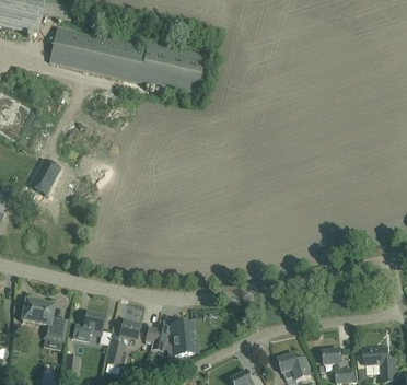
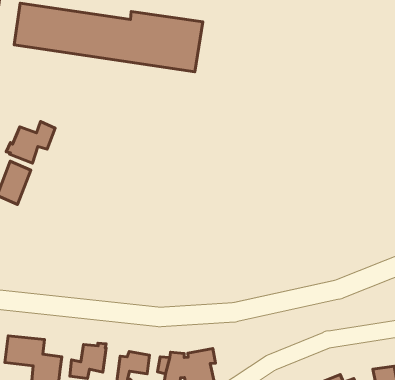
building: none -> [6,121,55,163]

